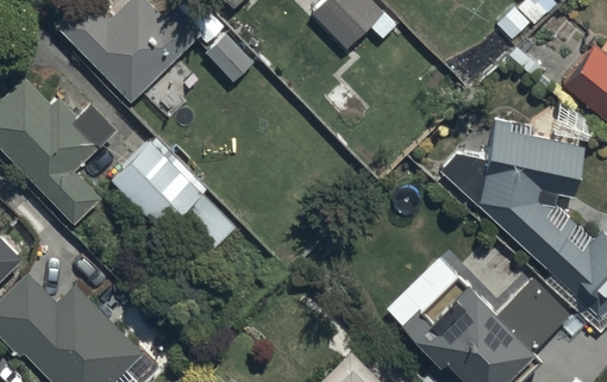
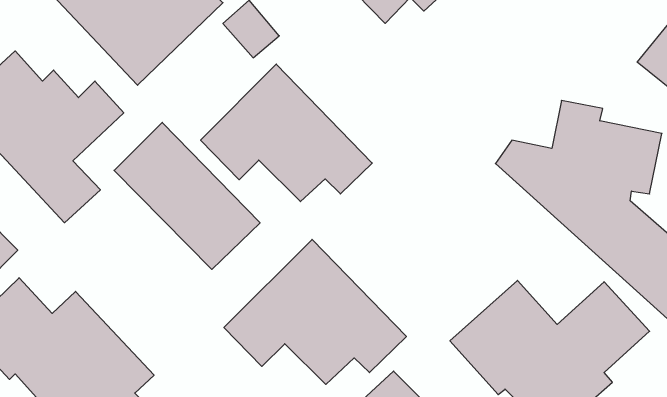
building: none -> [201,64,372,202]
building: none -> [224,239,406,384]

